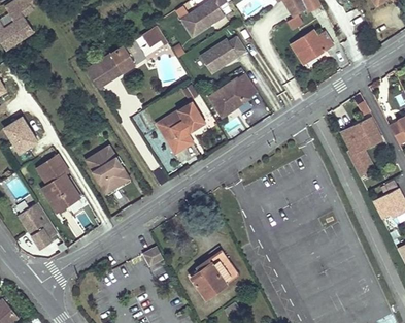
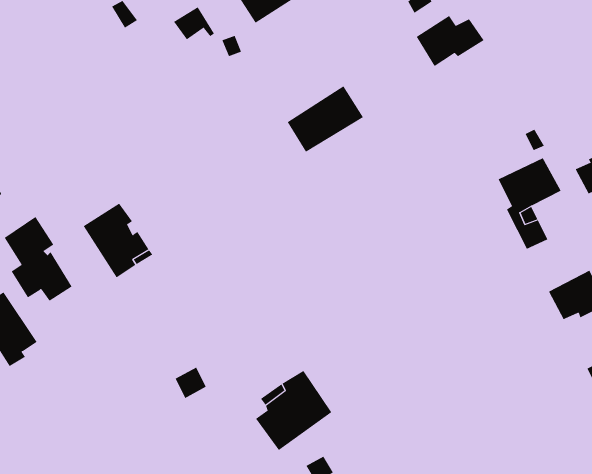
building: [200,36,247,73] -> none
building: [86,39,144,91] -> none
building: [158,102,205,154] -> none

